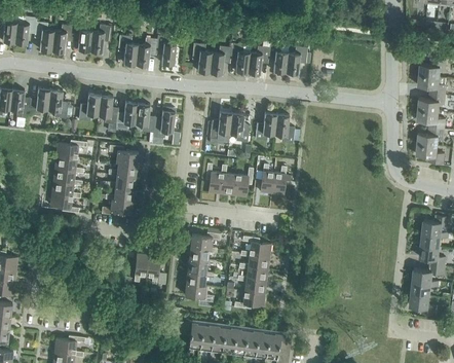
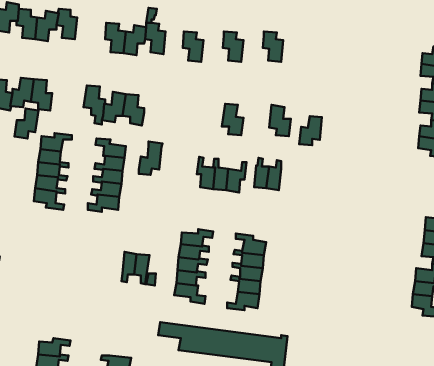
building: [89,24,111,52] -> none
building: [210,45,231,74] -> none
building: [248,45,269,74] -> none
building: [286,46,307,74] -> none
building: [78,93,101,121] -> [15,108,38,139]
building: [153,106,176,138] -> [139,141,163,175]
building: [210,111,232,143] -> none
building: [255,112,276,140] -> [299,116,322,145]

